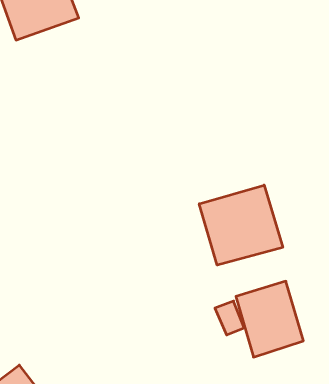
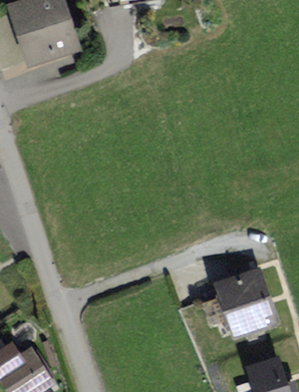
building: [199,185,283,265] -> none

